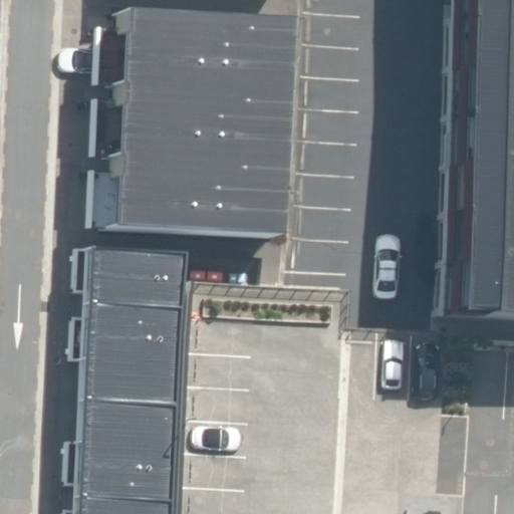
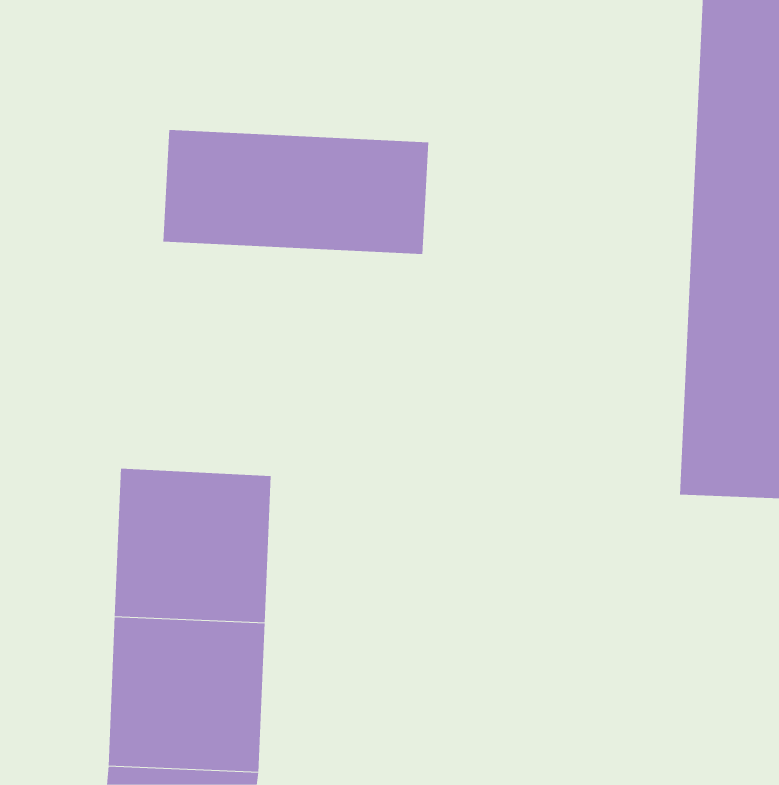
building: [120,11,291,91] -> none
building: [113,156,284,236] -> none
building: [89,244,190,306] -> none

